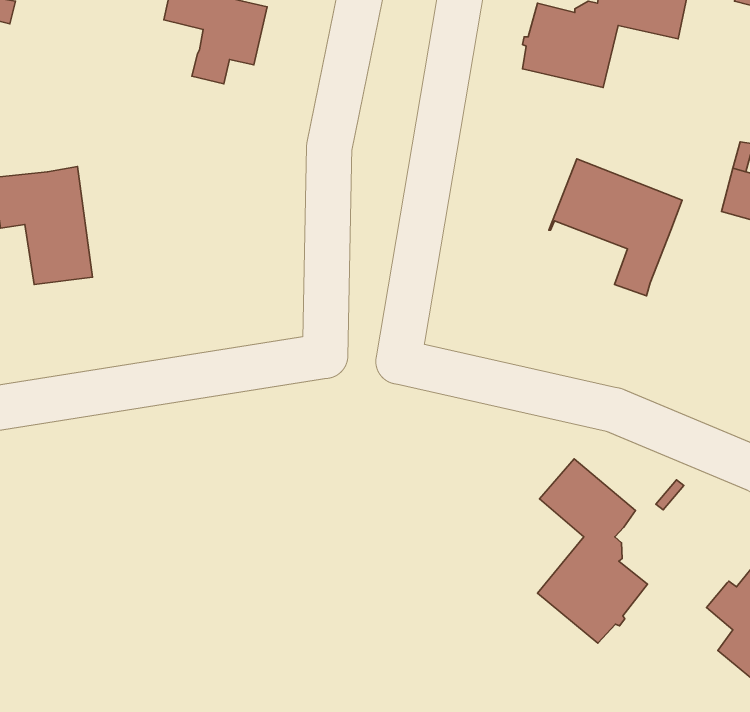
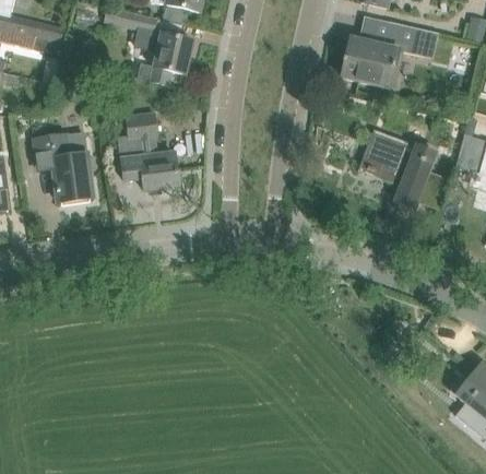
building: none -> [119,112,178,190]
building: [537,459,648,643] -> none

